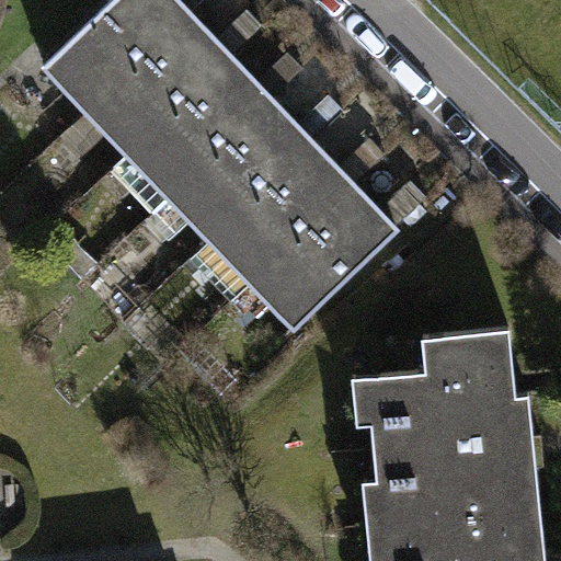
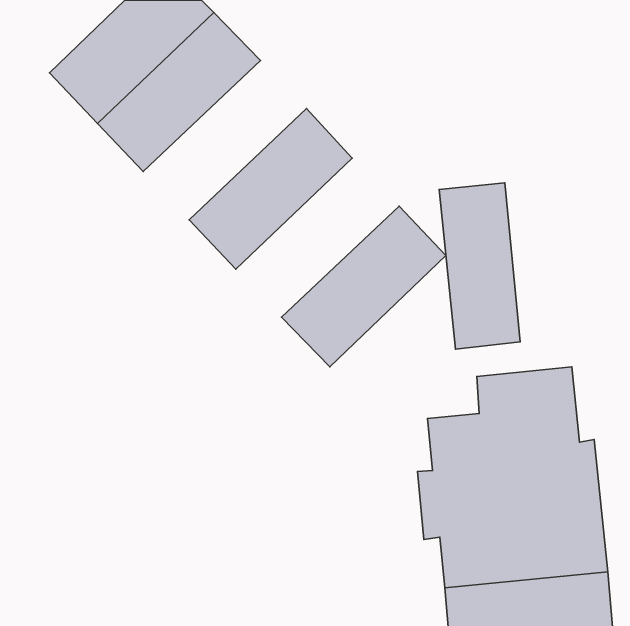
building: [127,58,272,199] -> none
building: [209,145,354,286] -> none
building: none -> [439,183,520,349]

